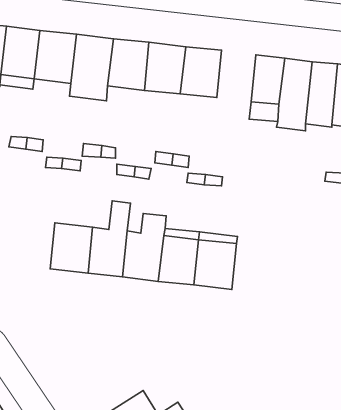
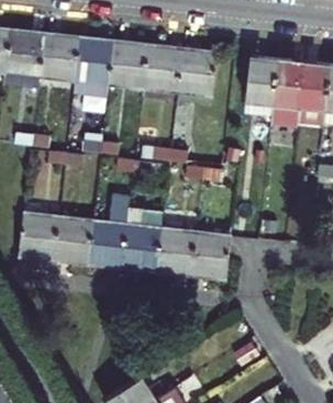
building: none -> [19,213,58,260]

